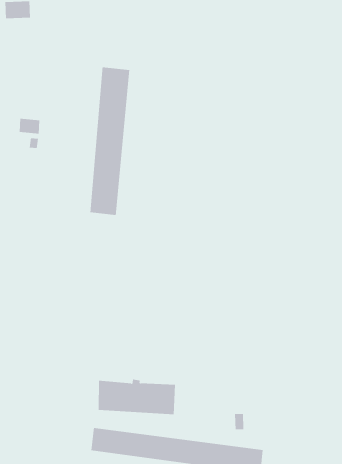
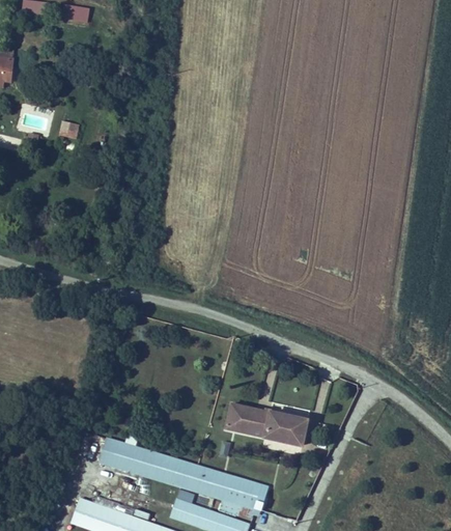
building: [90,66,130,216] -> none
building: [98,379,176,415] -> [223,399,303,445]

